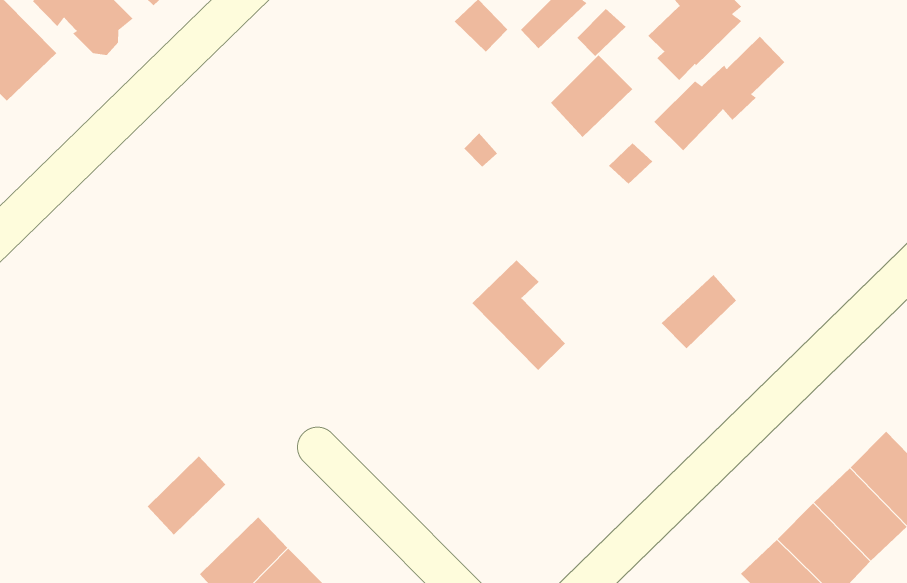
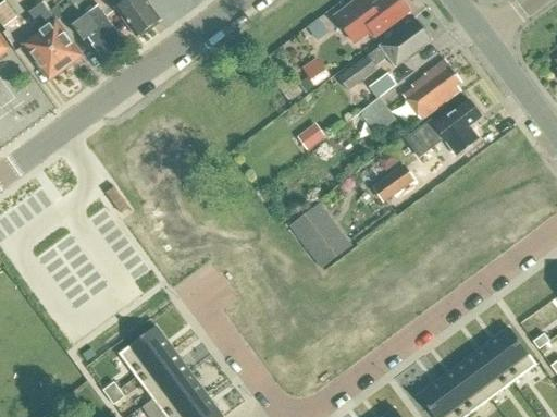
building: [661,274,737,349] -> [371,163,414,203]
building: [147,456,226,535] -> none

